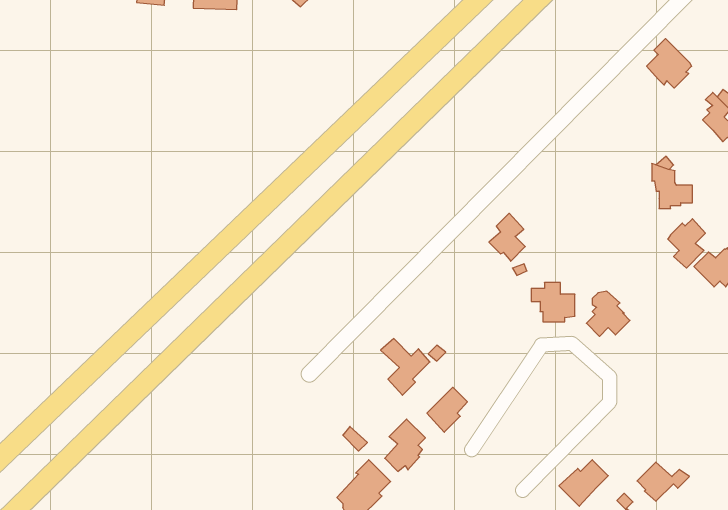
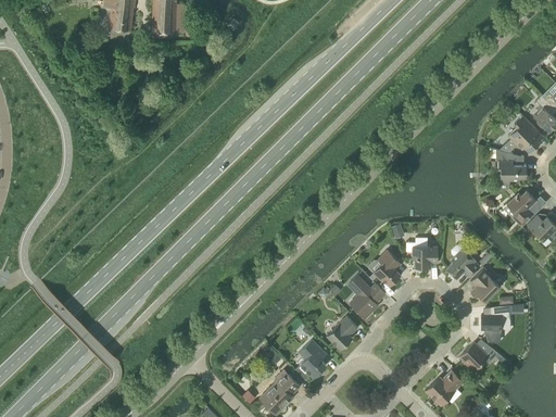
building: [647,39,692,88] -> [508,115,542,152]
building: [489,213,525,261] -> [372,250,400,286]
building: none -> [470,267,500,301]
building: [381,339,430,395] -> [348,276,384,318]
building: none -> [481,305,510,337]
building: [637,462,689,501] -> [459,342,498,371]

